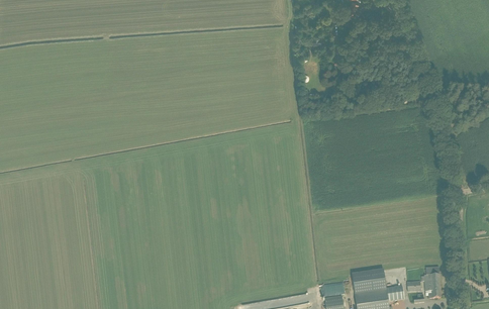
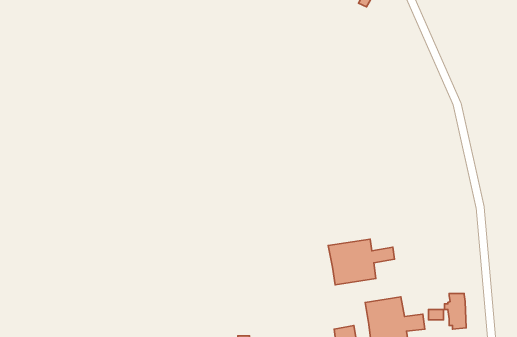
building: none -> [328,239,395,285]

